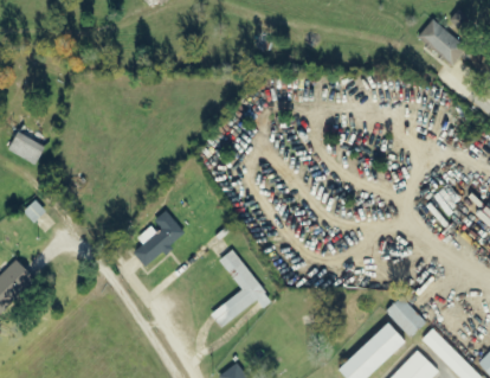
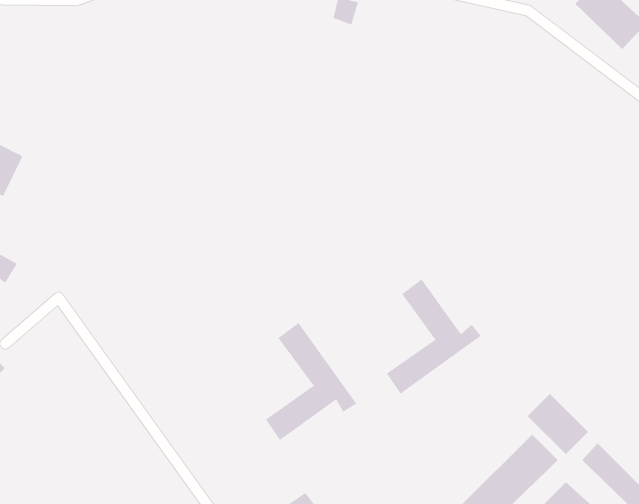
building: [135,211,186,268] -> none
building: none -> [386,278,482,394]

